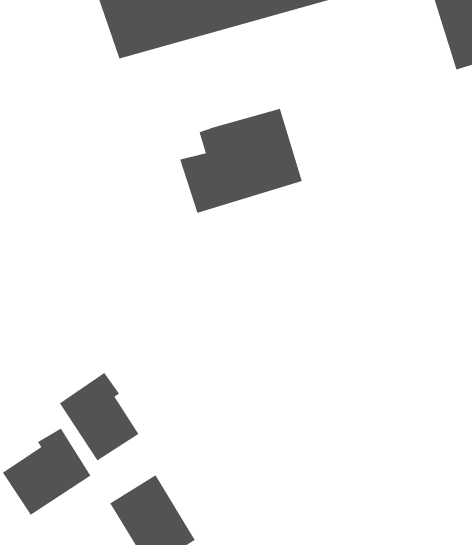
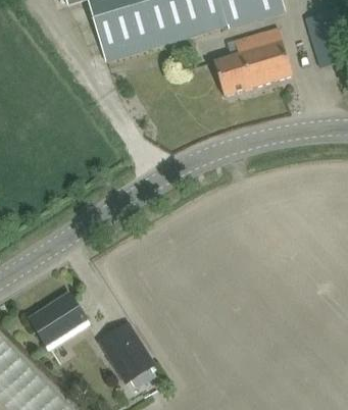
building: [179,108,303,214] -> [213,29,292,96]
building: [59,372,140,462] -> none

